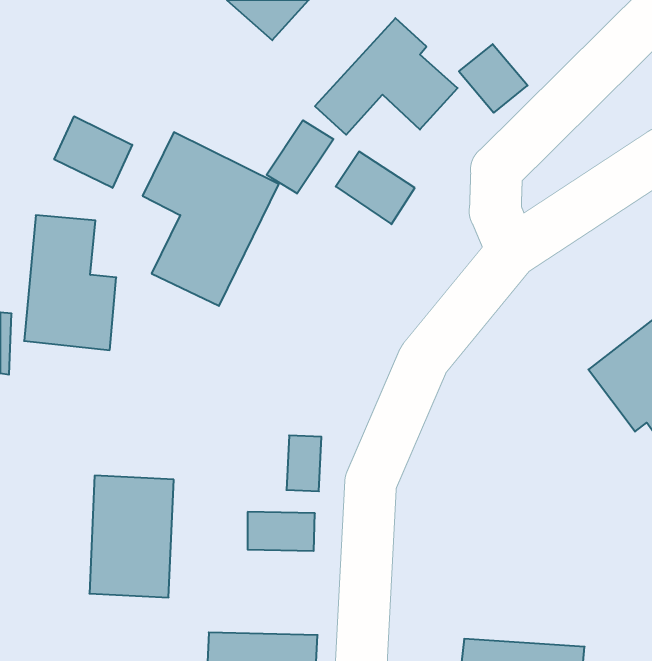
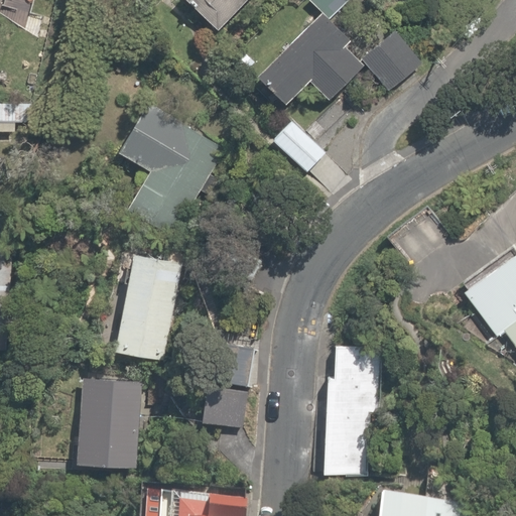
building: [54,116,132,188] -> none
building: [267,120,333,194] -> none
building: [24,215,116,350] -> [109,254,180,359]
building: none -> [320,346,392,477]

